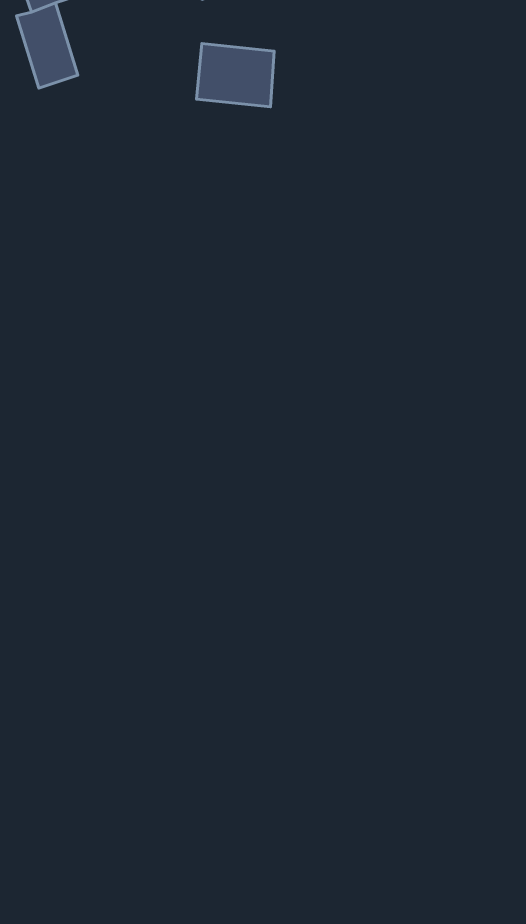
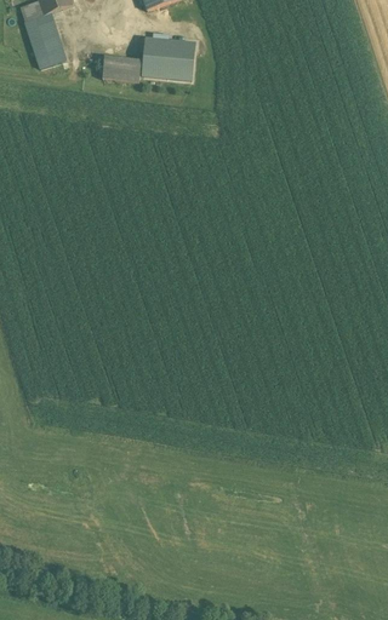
building: none -> [101,56,139,80]

